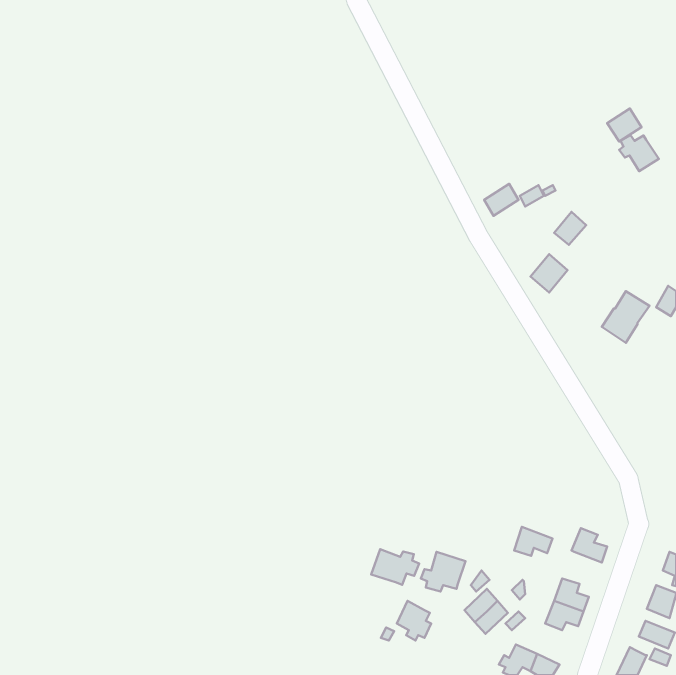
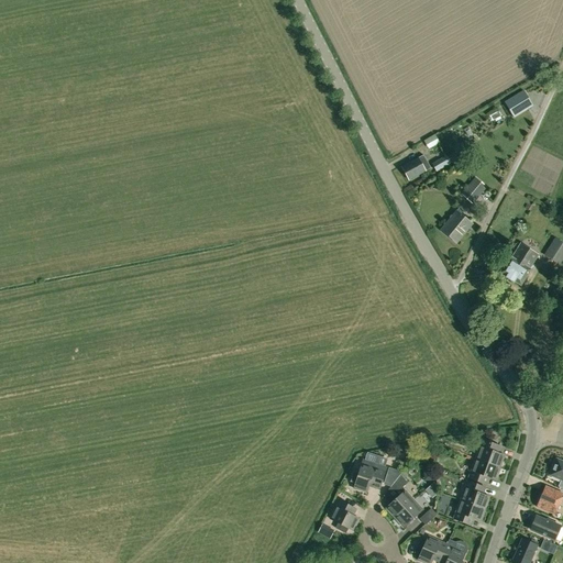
building: [619,135,659,171] -> none
building: [514,527,552,556] -> [468,457,500,482]
building: [371,549,419,585] -> none

